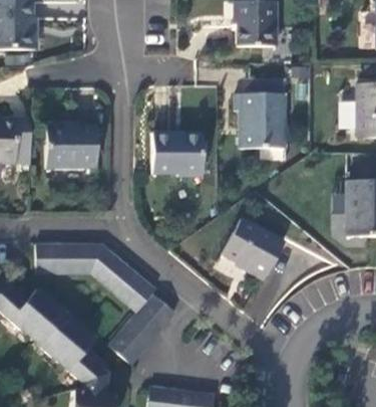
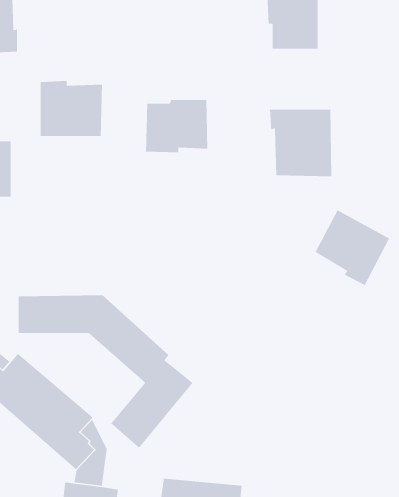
building: [45,124,95,169] -> [40,80,103,137]
building: [152,133,203,176] -> [145,99,208,153]
building: [223,219,283,280] -> [315,209,390,286]

